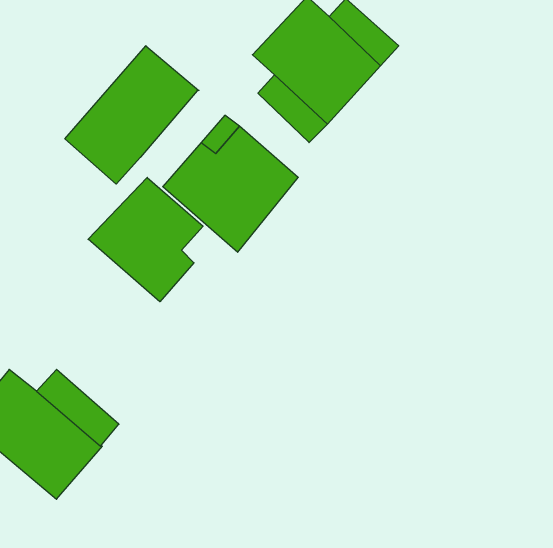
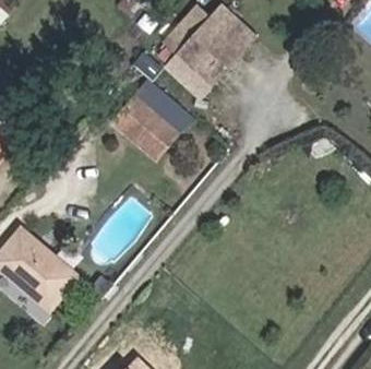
building: [65,46,199,184] -> none
building: [88,177,203,302] -> none

